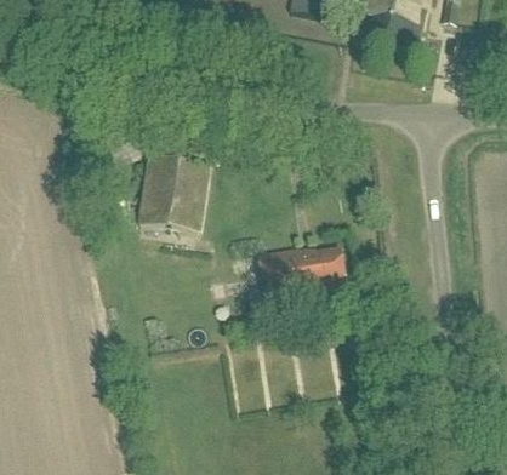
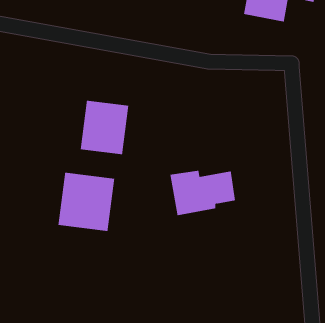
building: none -> [58,172,115,232]

